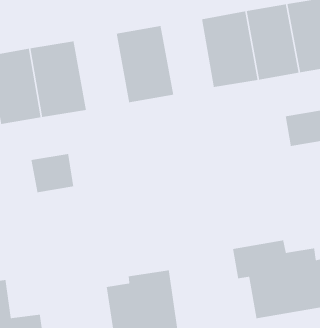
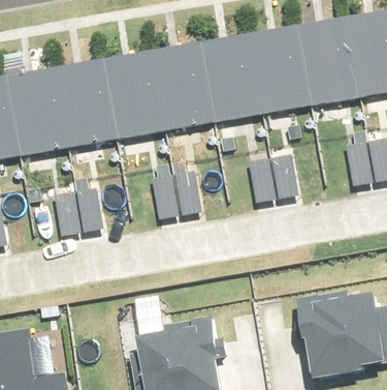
building: none -> [201,35,260,122]
building: none -> [102,52,164,140]
building: none -> [247,156,296,199]
building: none -> [151,170,196,215]

